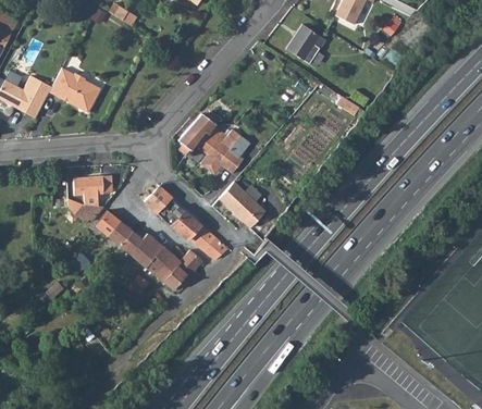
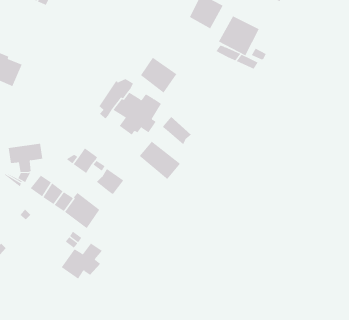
building: none -> [218,15,259,56]
building: none -> [140,57,177,94]
building: none -> [163,116,192,145]
building: [188,224,226,259] -> none
building: [155,250,202,289] -> [61,243,103,279]

